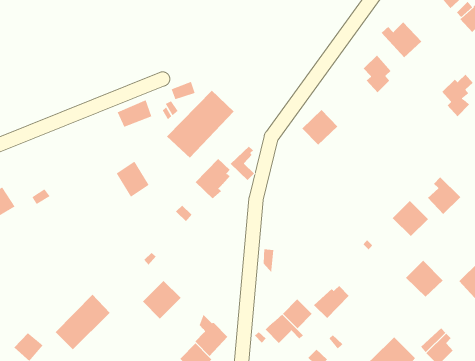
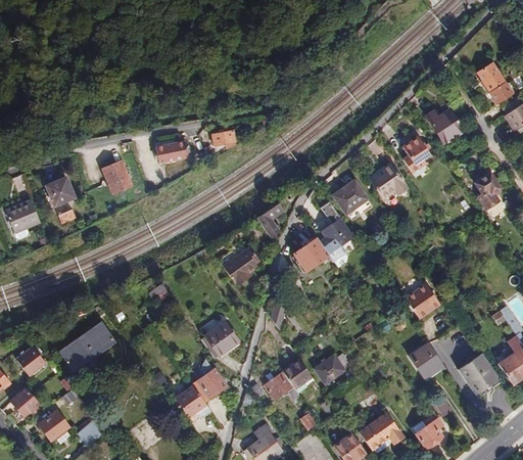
building: none -> [369,163,408,198]
building: [166,90,234,159] -> none
building: none -> [322,213,354,249]
building: none -> [46,177,76,206]
building: [195,158,231,199] -> [223,246,259,285]
building: [116,161,149,197] -> [102,159,133,194]
building: none -> [293,236,330,271]
building: [427,177,461,215] -> none
building: [142,280,181,320] -> [200,321,239,359]

